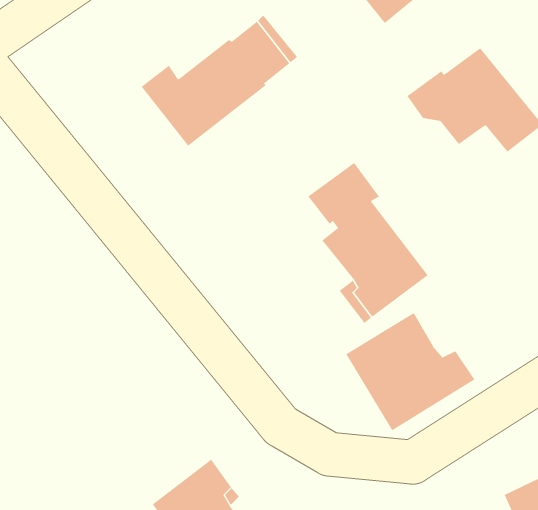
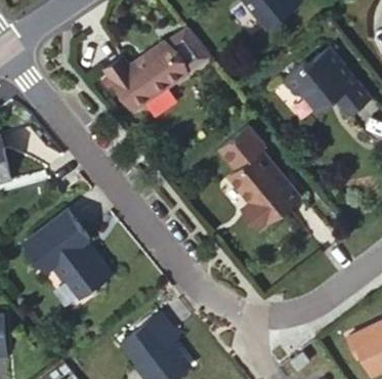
building: none -> [24,212,112,300]
building: [346,312,475,431] -> none

